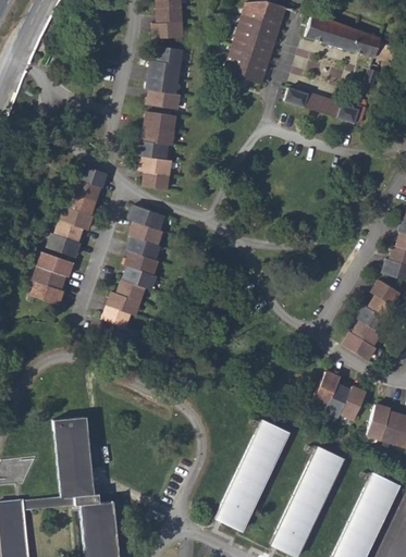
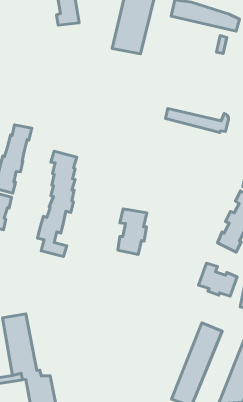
building: [147,47,182,110] -> none
building: [282,87,366,124] -> [165,108,229,133]
building: [138,112,176,190] -> none
building: none -> [118,209,147,254]
building: [213,421,286,532] -> none

